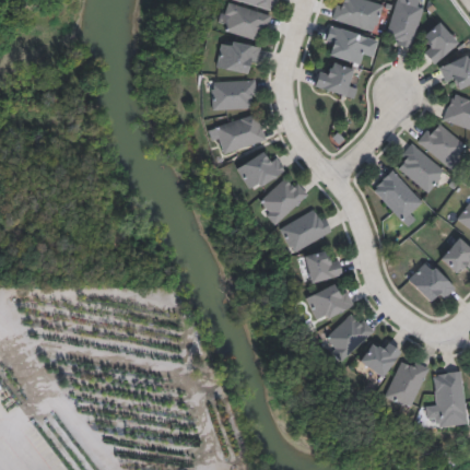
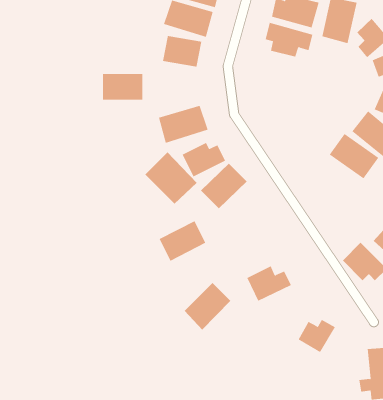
building: [315,62,357,97] -> none
building: [212,80,256,108] -> [102,73,143,100]
building: none -> [144,151,198,204]
building: [373,168,425,223] -> none
building: [281,208,331,251] -> [159,220,206,261]
building: [304,250,342,282] -> none
building: [324,310,374,362] -> [184,282,231,330]
building: [385,355,430,409] -> none

